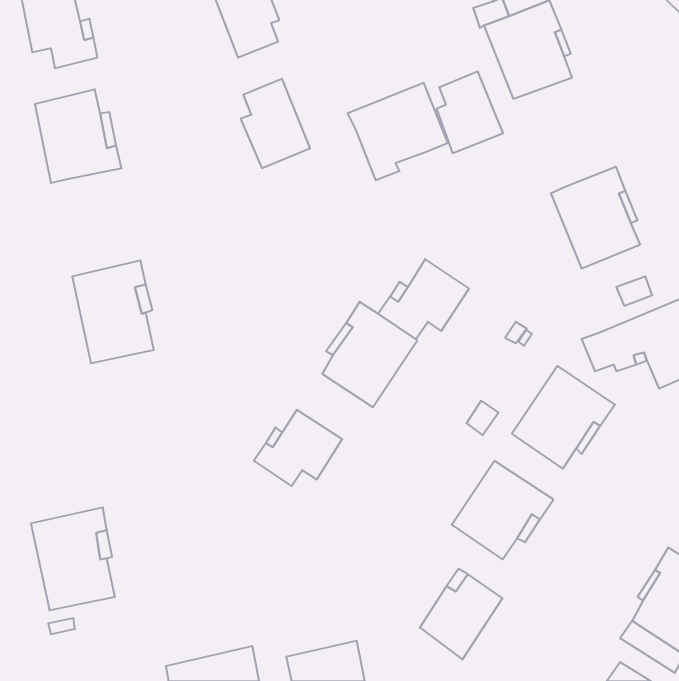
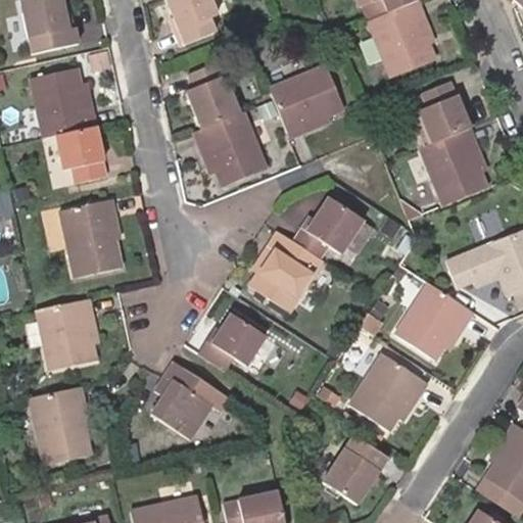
building: [436,72,503,153] -> [423,81,474,143]
building: none -> [194,112,267,186]
building: none -> [55,129,106,184]
building: none -> [37,299,95,371]
building: none -> [145,364,229,441]

